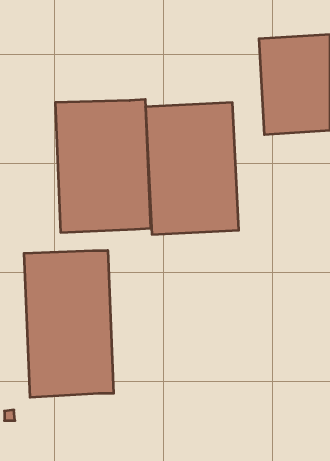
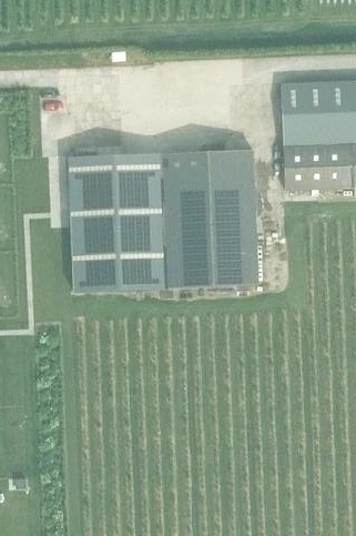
building: [24,250,114,397] -> none

